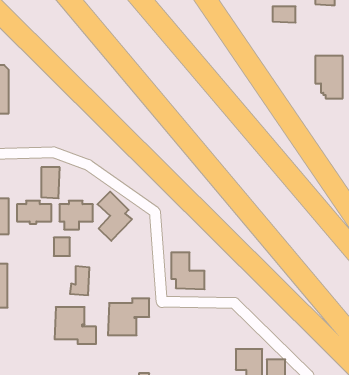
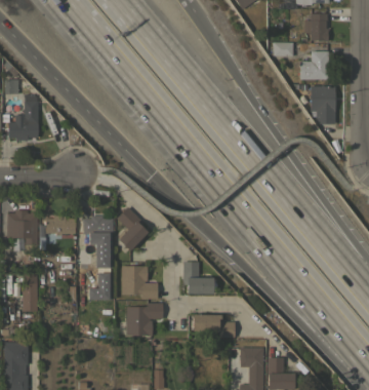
building: none -> [299,51,329,79]
building: [41,167,60,198] -> [95,240,112,268]
building: [55,307,96,344] -> [121,266,158,299]
building: none -> [193,314,235,338]

